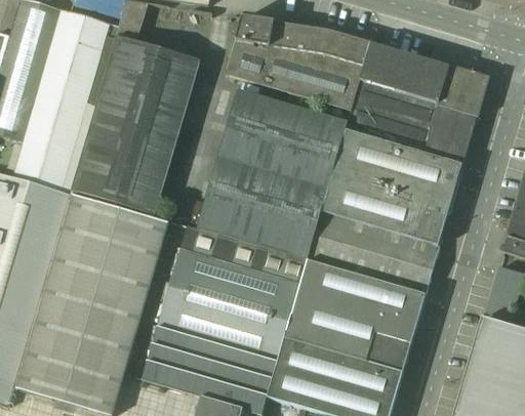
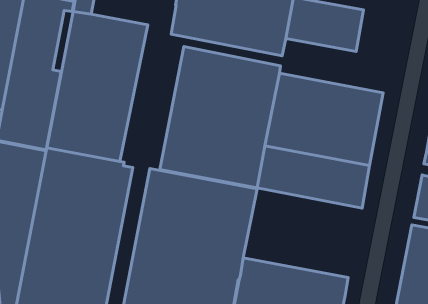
building: [346,65,487,163] -> none
building: [284,258,426,371] -> none

